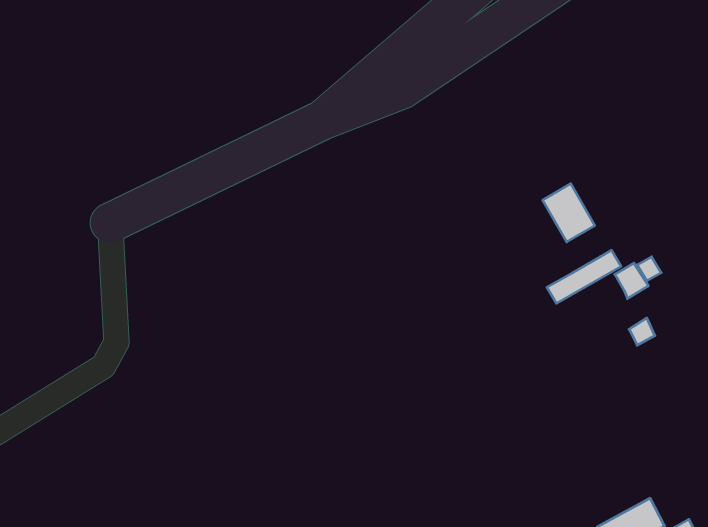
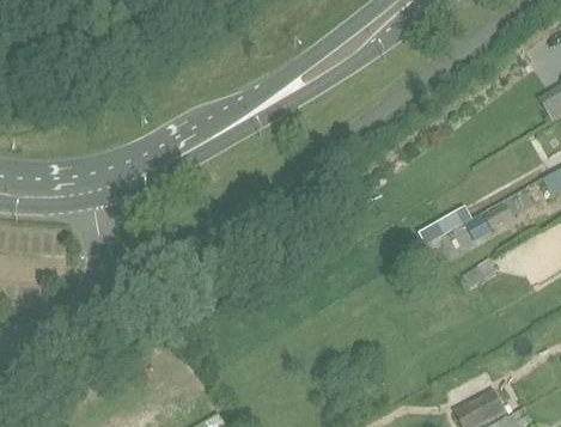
building: [543,184,595,242] -> none

